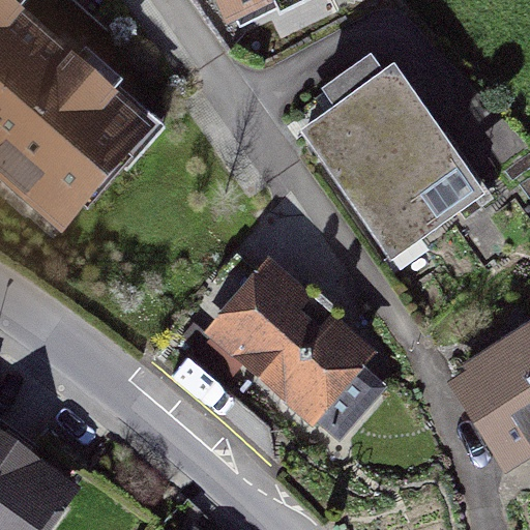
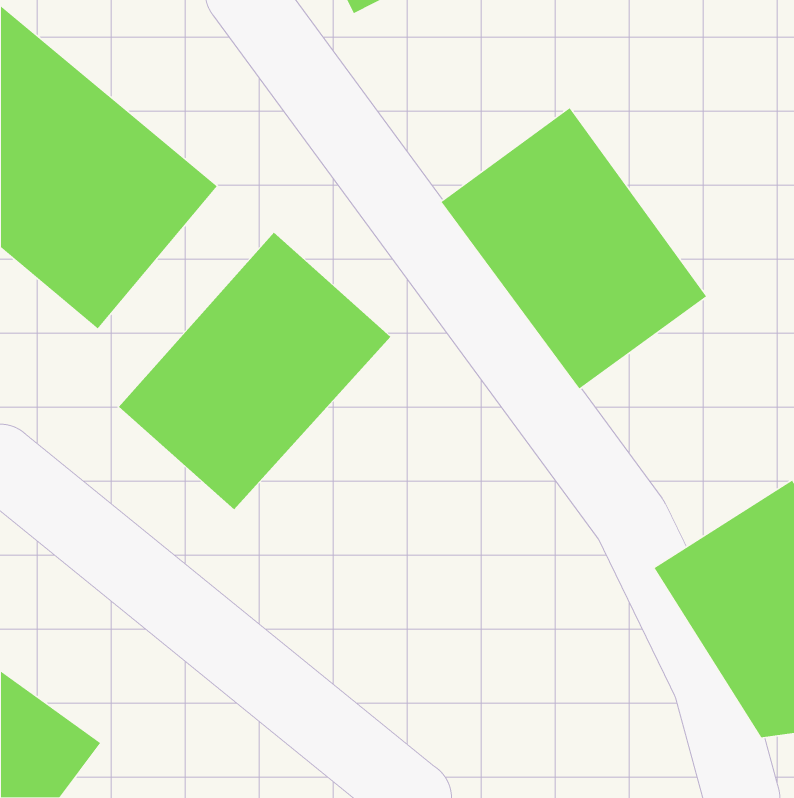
building: none -> [118,232,391,510]
building: [223,268,381,422] -> none

